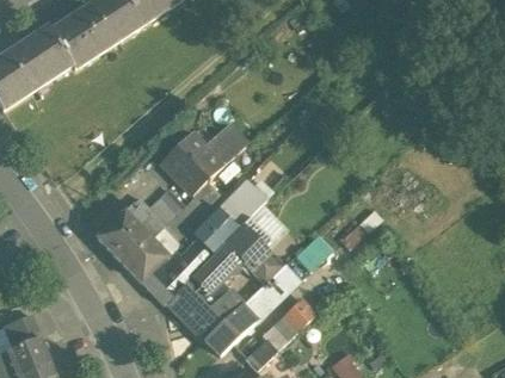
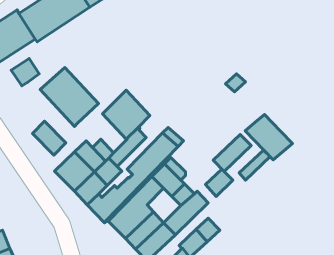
building: none -> [11,58,39,86]
building: none -> [40,67,99,126]
building: [205,125,246,165] -> none
building: none -> [245,114,292,160]
building: none -> [32,121,66,155]
building: none -> [213,134,251,172]

